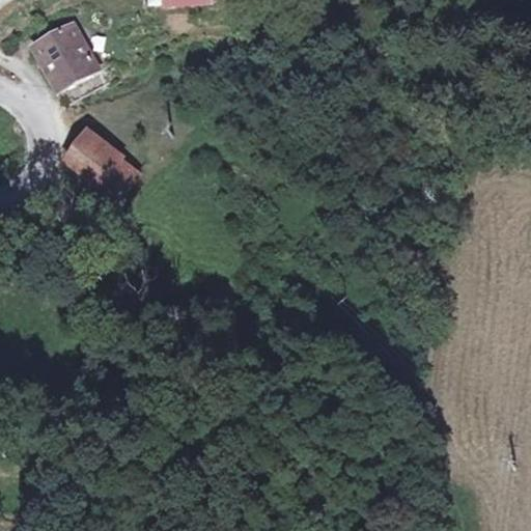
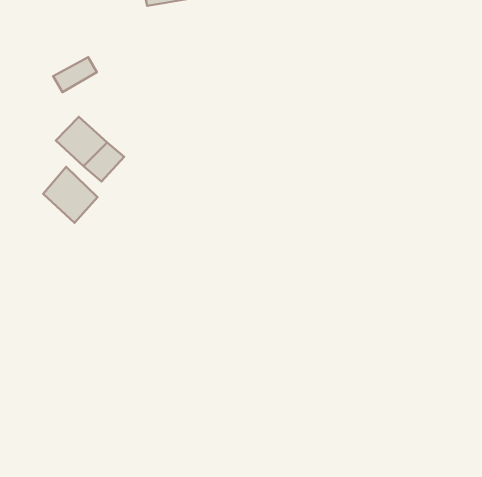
building: [34,21,96,83] -> none
building: none -> [43,167,98,223]

